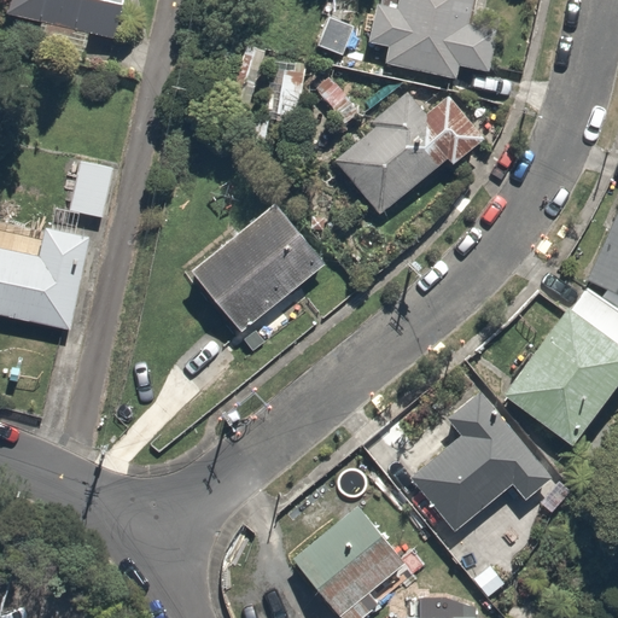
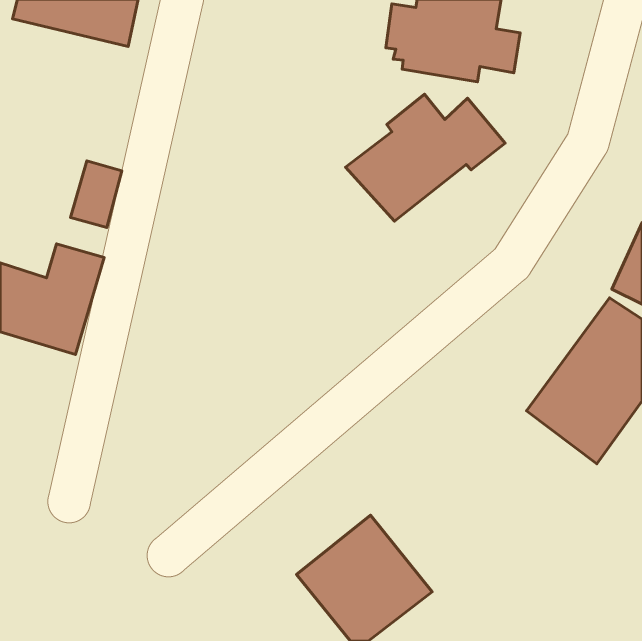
building: [188,199,328,333] -> none
building: [408,386,555,531] -> none

